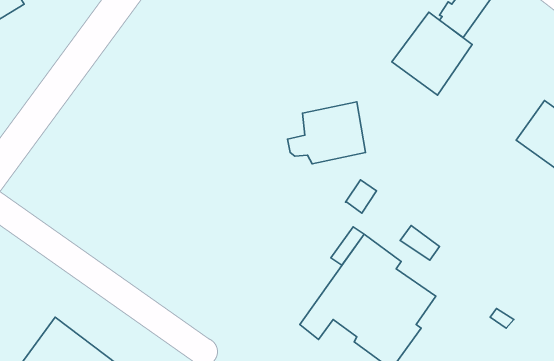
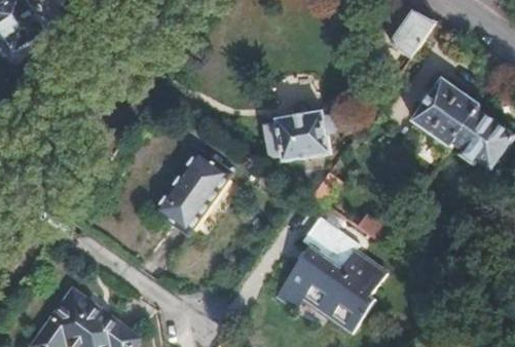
building: [392,12,472,95] -> [413,80,480,149]
building: none -> [155,150,229,232]

